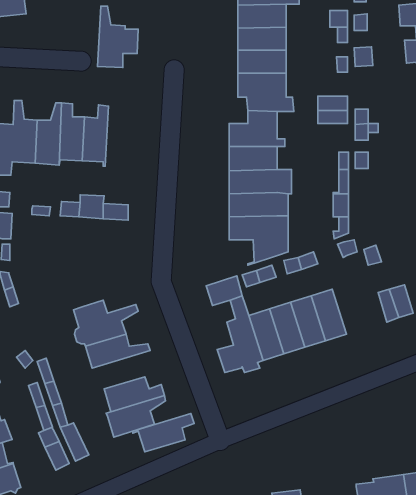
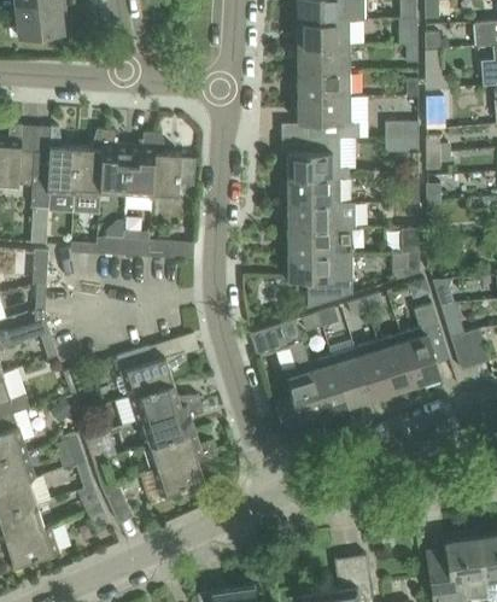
building: [98,6,138,68] -> [151,133,195,200]
building: none -> [400,303,450,384]
building: [133,414,194,452] -> [136,402,204,444]

